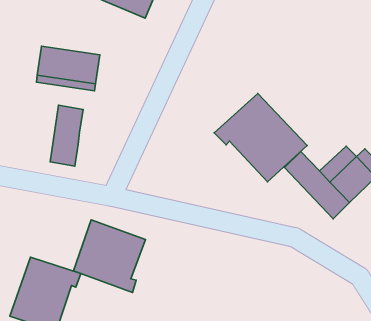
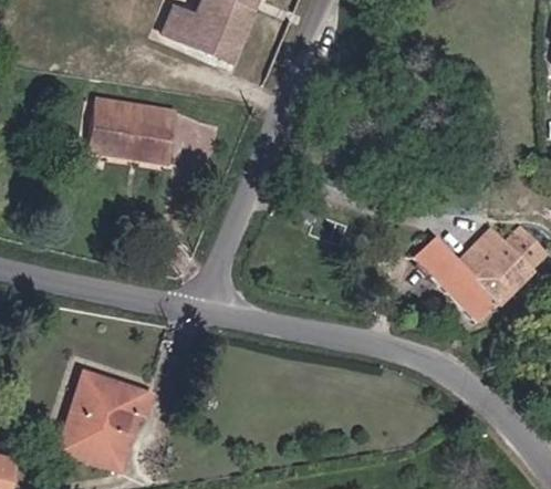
building: [214,94,307,182] -> none
building: [50,105,83,166] -> none
building: [74,220,145,292] -> none

